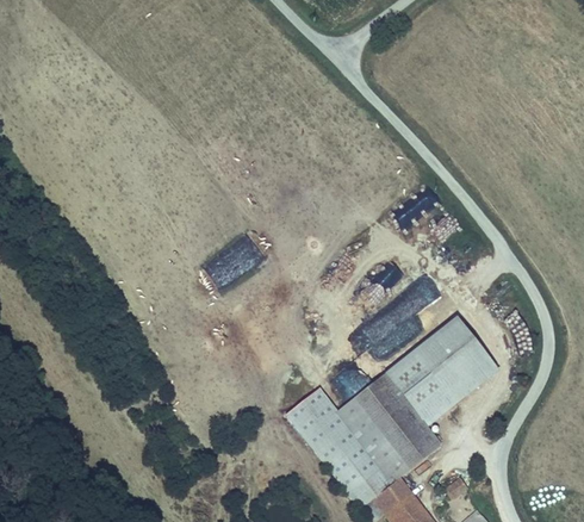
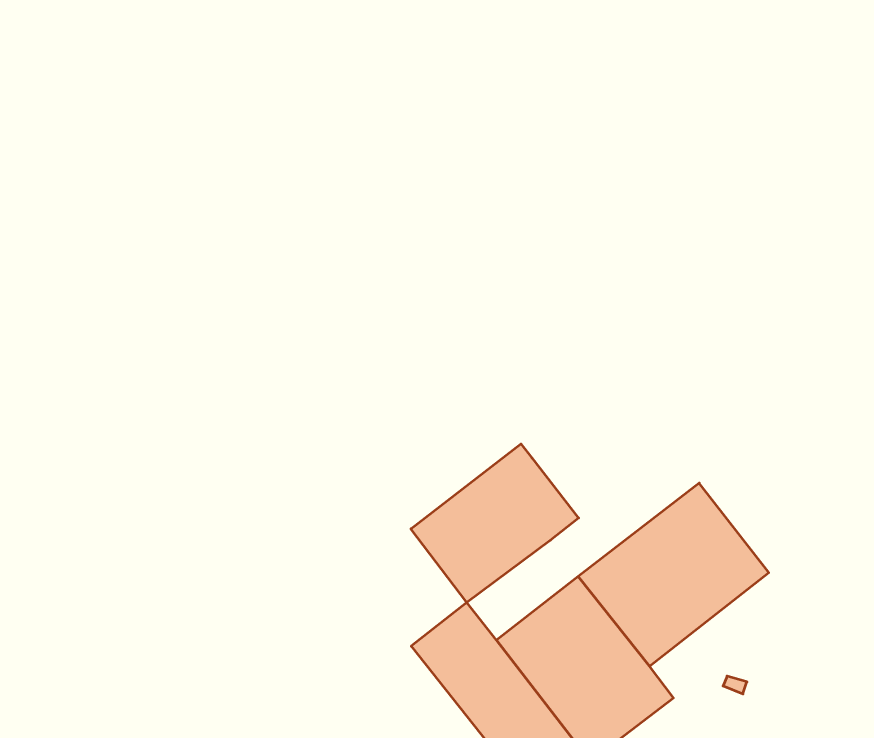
building: none -> [411,444,579,602]

